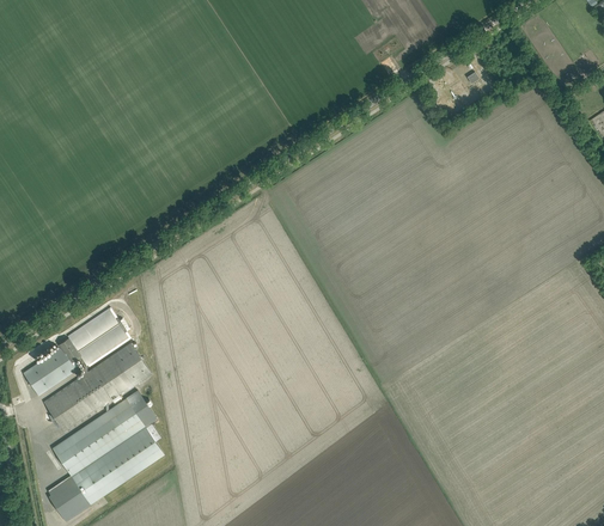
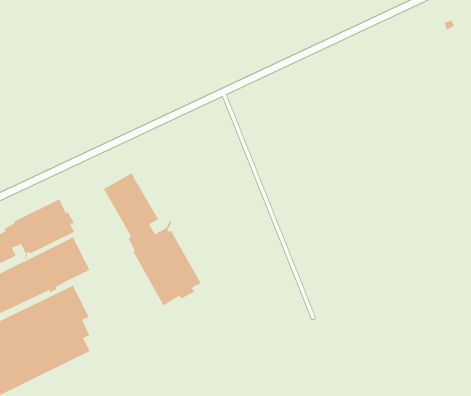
building: none -> [103,173,202,306]

